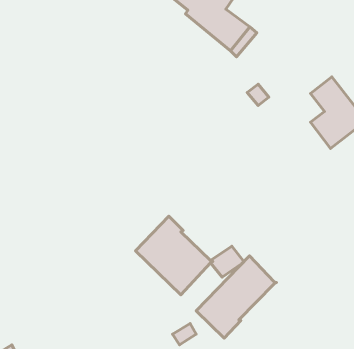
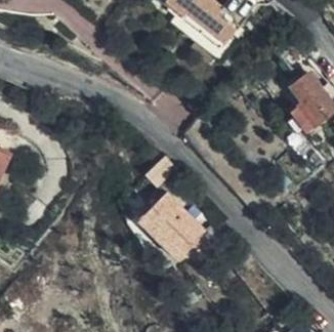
building: [196,256,276,338] -> none

